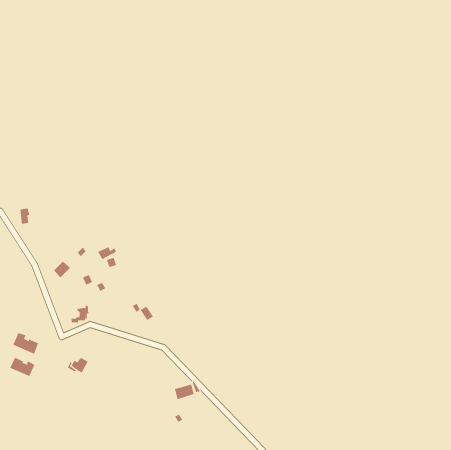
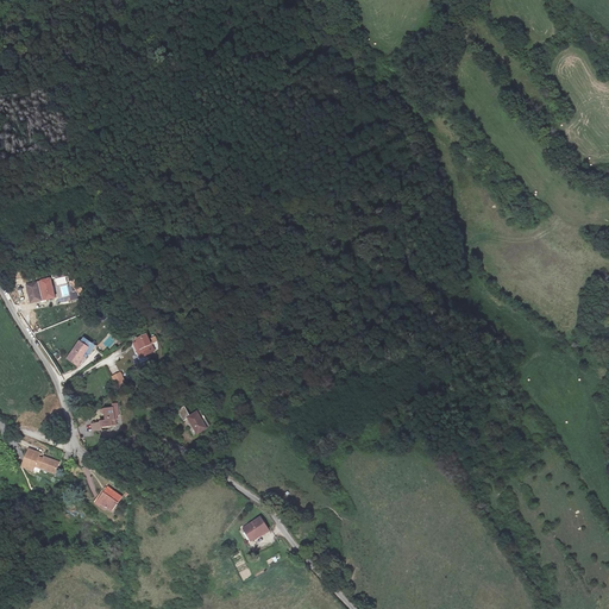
building: [10,357,35,377] -> none

